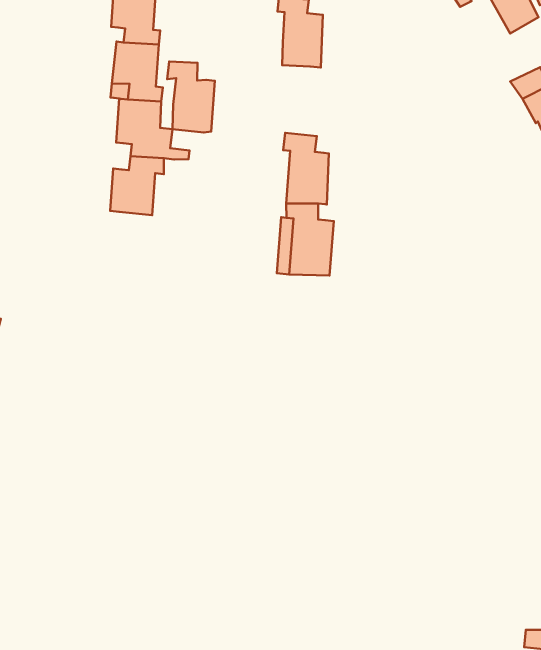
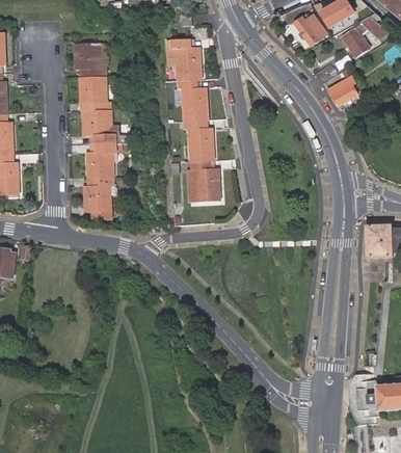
building: [167,62,215,133] -> [178,78,207,118]
building: none -> [81,176,111,211]

